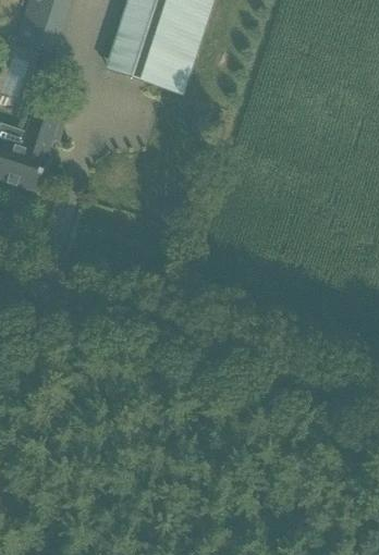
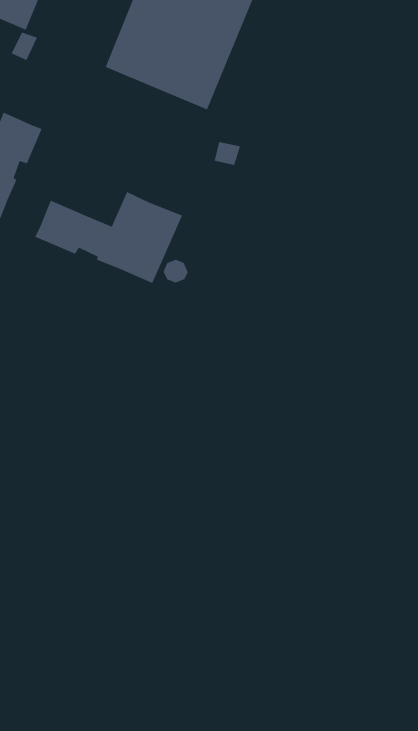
building: none -> [35,191,183,284]

